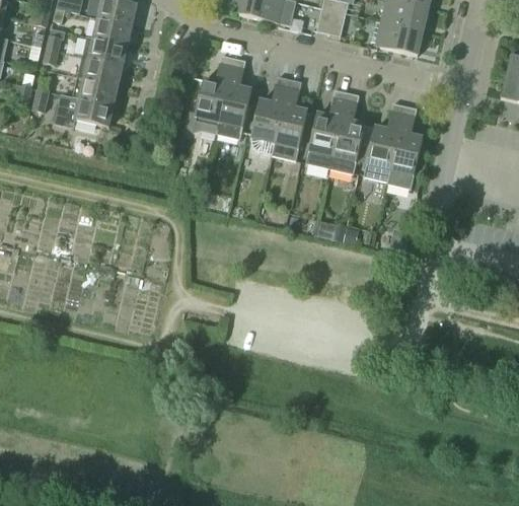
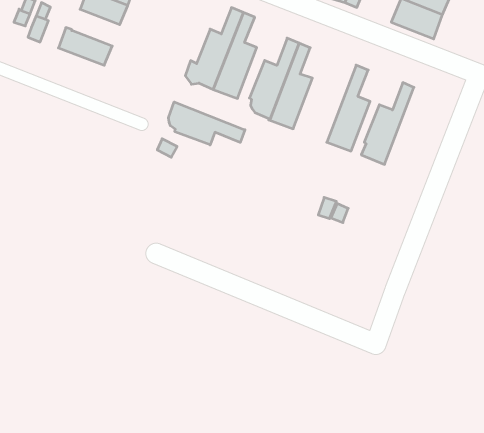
building: [73,76,121,106] -> none
building: [305,89,347,168] -> none
building: [387,104,422,182] -> none
building: none -> [169,102,245,145]

